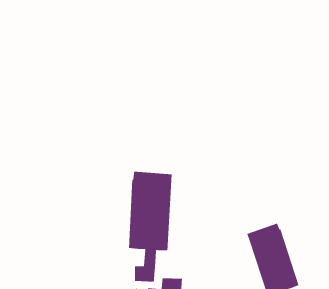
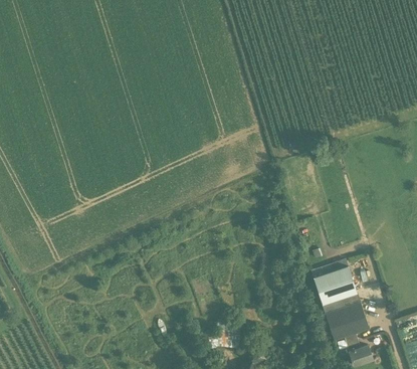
building: [128,171,172,282] -> none

